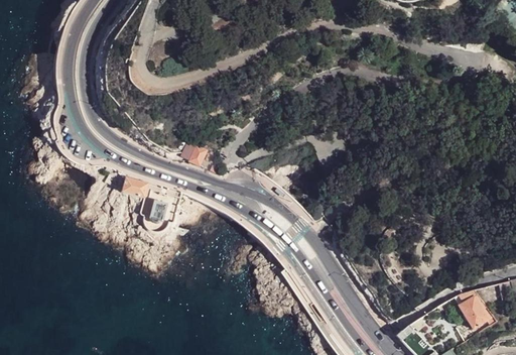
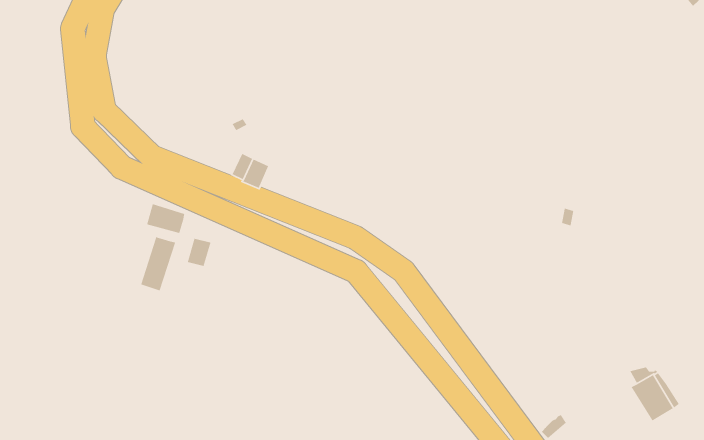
building: none -> [140,236,176,291]

